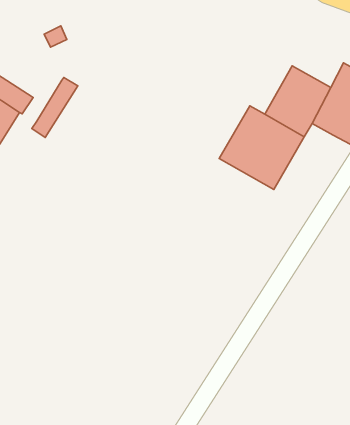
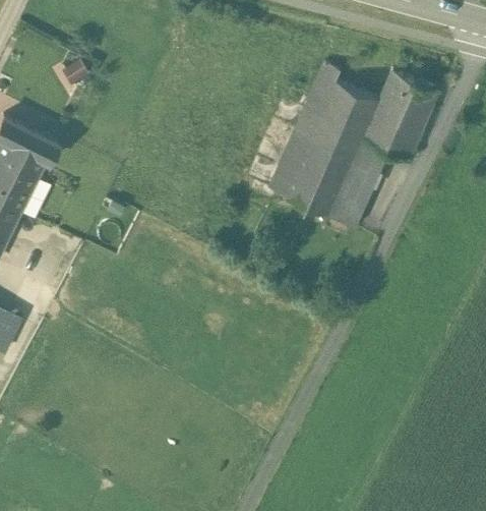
building: none -> [295,63,341,135]
building: [32,78,78,138] -> none
building: none -> [330,140,389,228]

